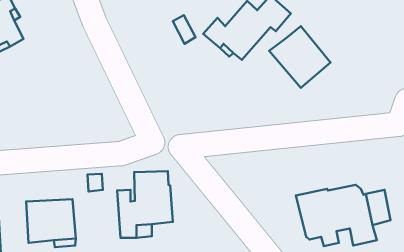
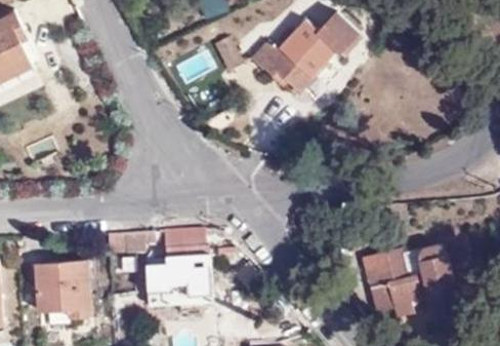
building: [269,26,331,88] -> none

